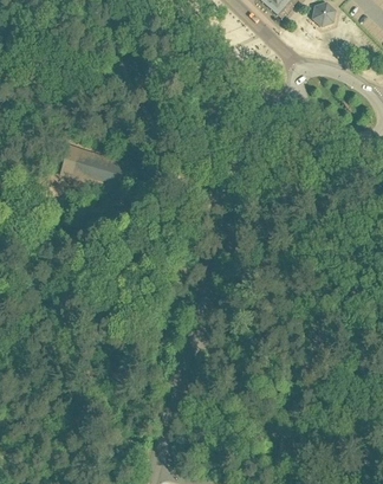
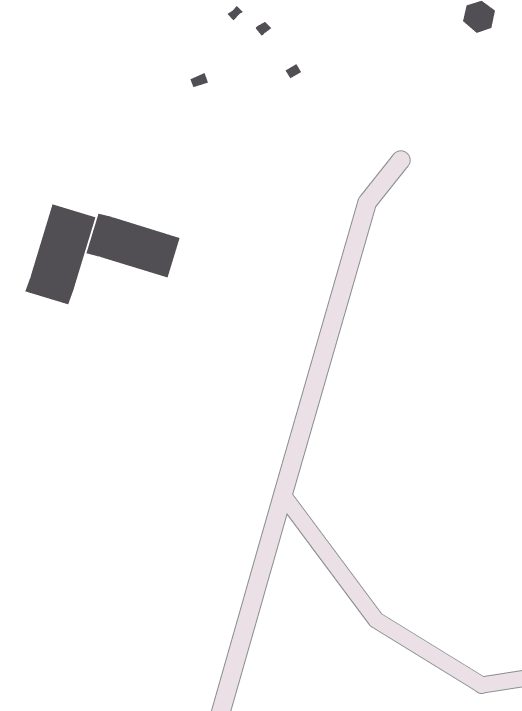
building: none -> [25,203,96,305]

